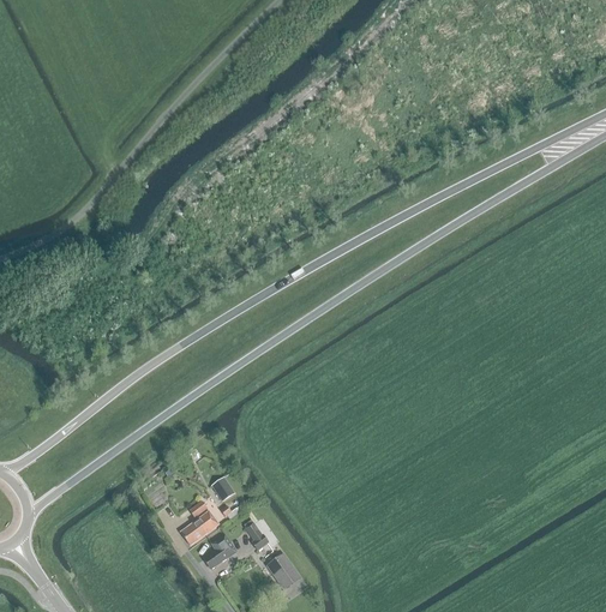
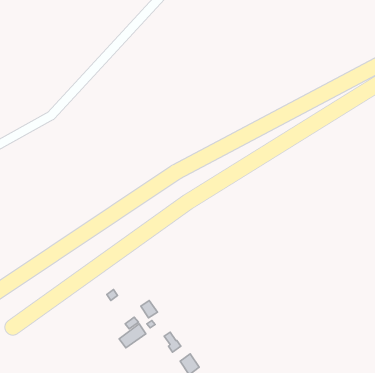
building: [204,535,238,569] -> none

